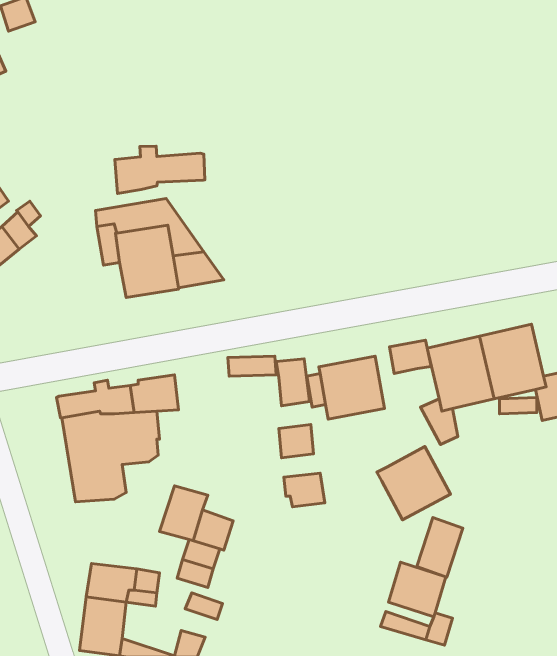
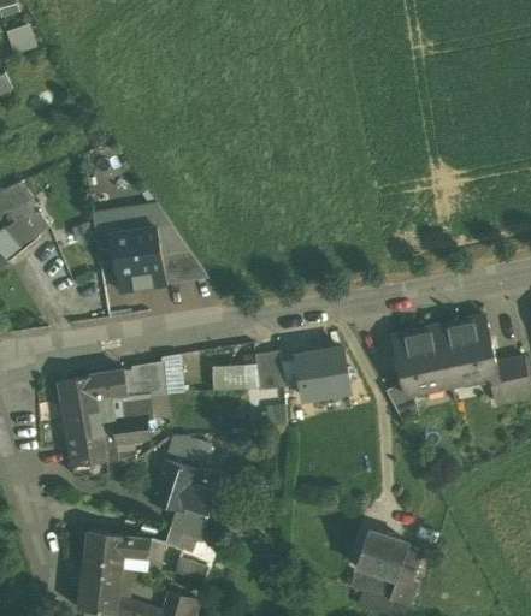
building: [115,146,205,193] -> none
building: [390,340,431,374] -> none
building: none -> [212,363,260,391]
building: [377,446,450,520] -> none
building: none -> [167,434,211,462]
building: [284,473,325,507] -> none
building: [417,518,463,577] -> none

